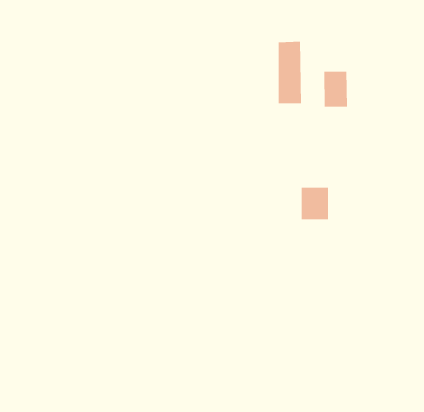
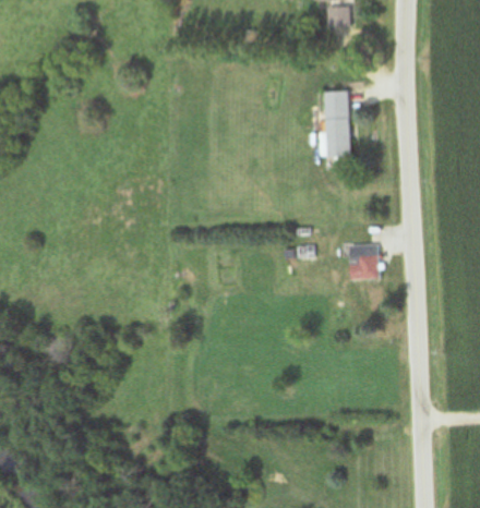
building: [323,71,348,108] -> none

